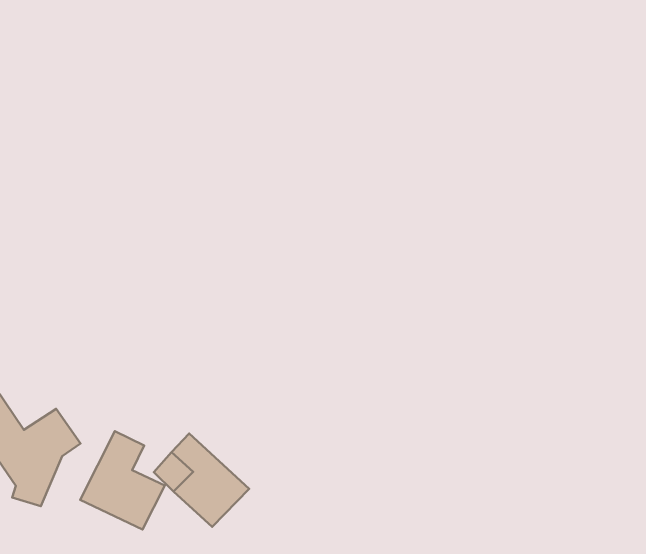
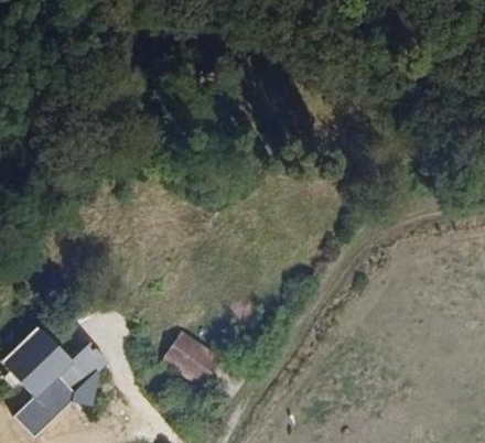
building: [80,431,165,530] -> none

